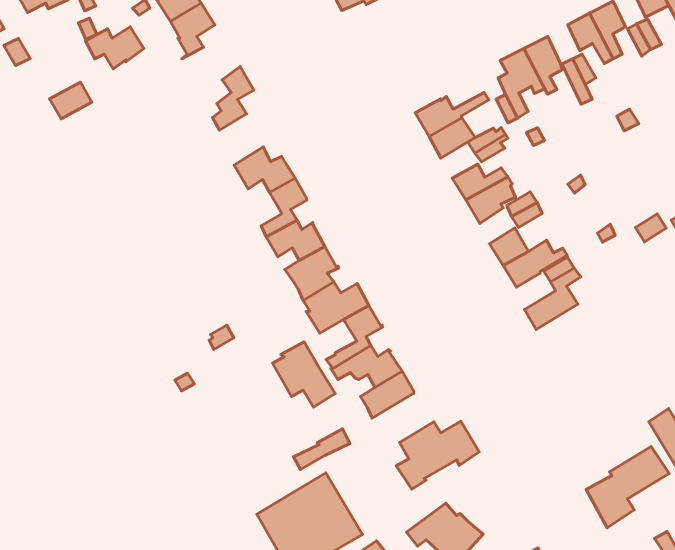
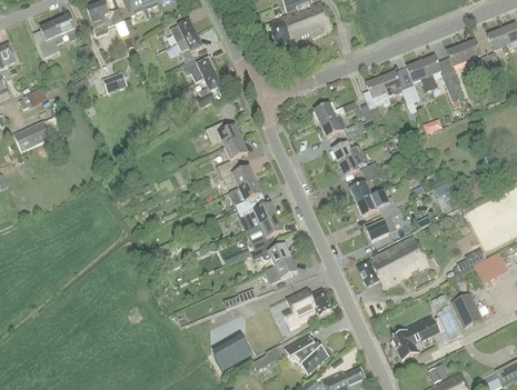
building: [86,27,144,69] -> [181,58,215,81]
building: none -> [357,234,428,287]
building: [272,342,335,407] -> none

